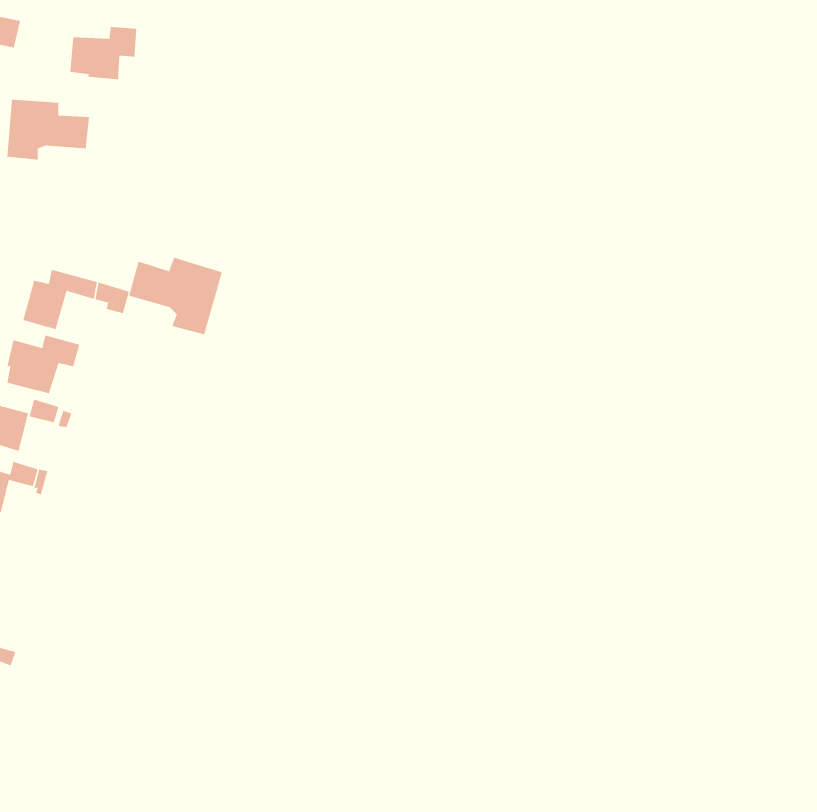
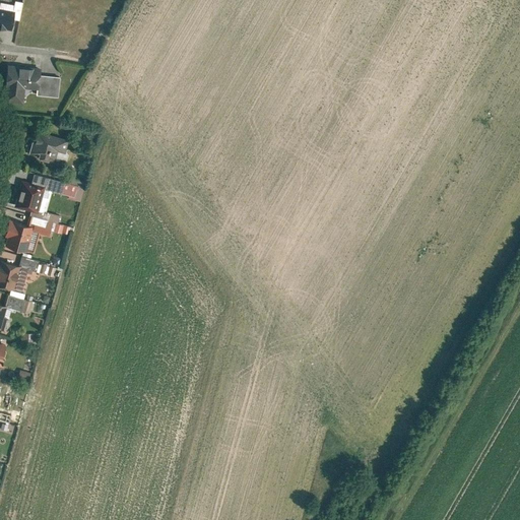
building: [70,26,137,80] -> none
building: none -> [28,134,67,160]
building: [129,257,223,335] -> none

